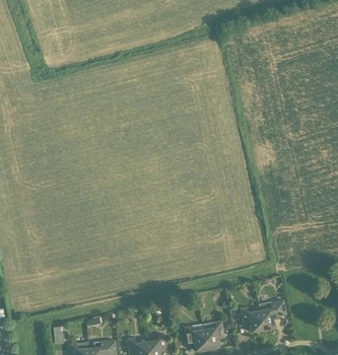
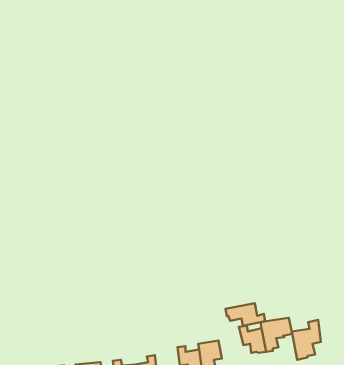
building: none -> [225,303,265,326]
building: none -> [292,320,321,360]

